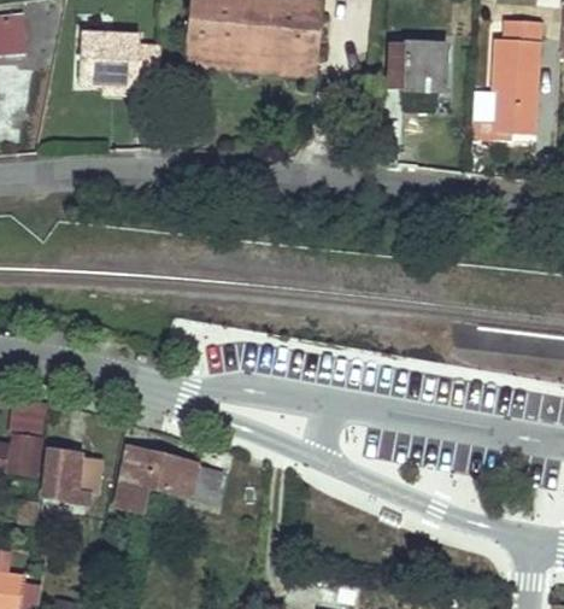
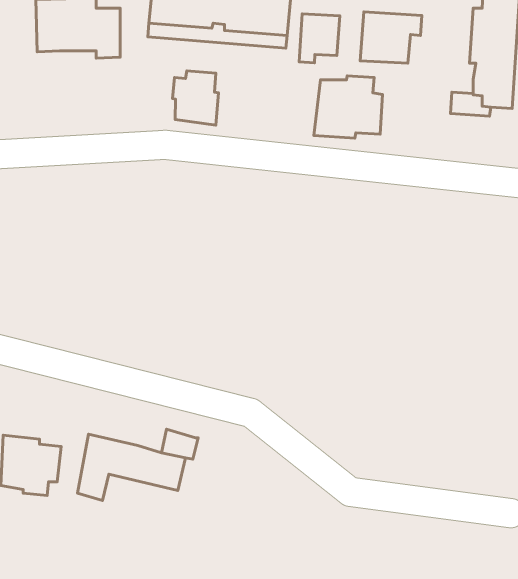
building: none -> [299,14,340,63]
building: none -> [173,71,218,125]
building: none -> [314,76,383,138]

